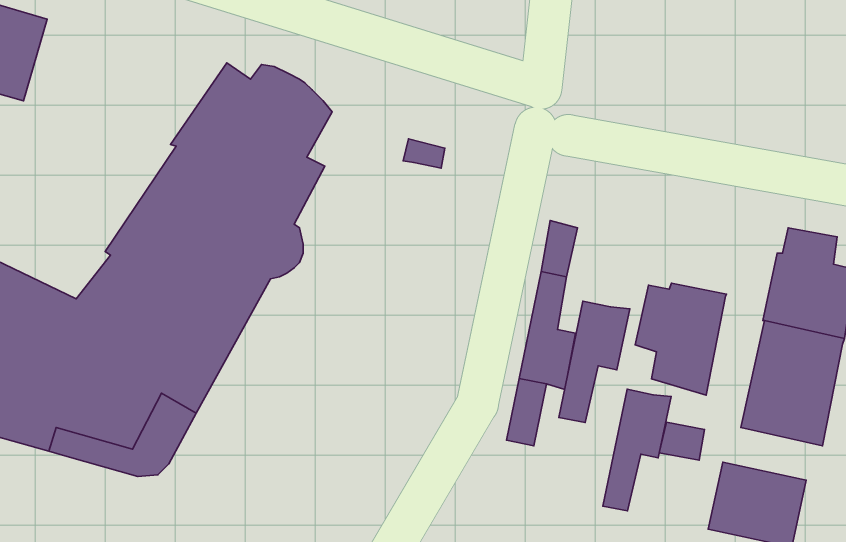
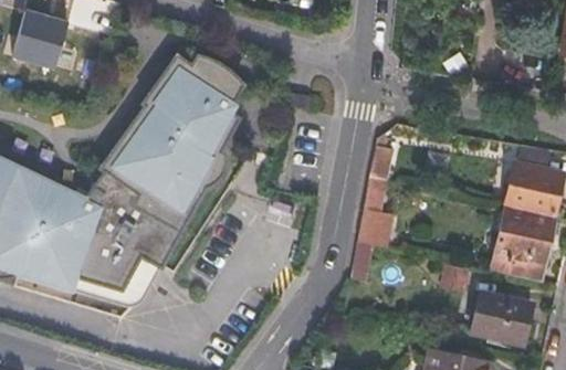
building: [635,283,726,395] -> none
building: [559,301,630,422] -> none
building: [603,389,671,511] -> none

